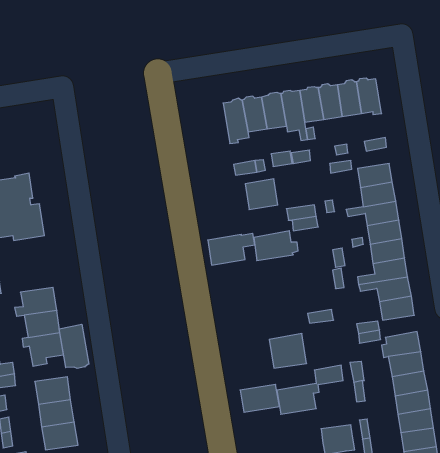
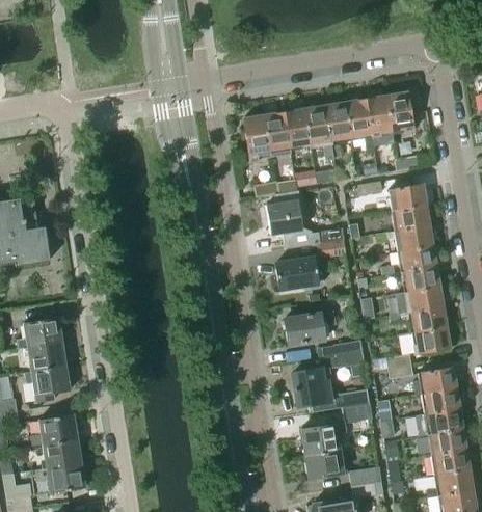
building: [208,233,255,265] -> [284,312,334,346]
building: [59,324,89,368] -> none
building: [240,384,279,412] -> [304,449,347,479]

